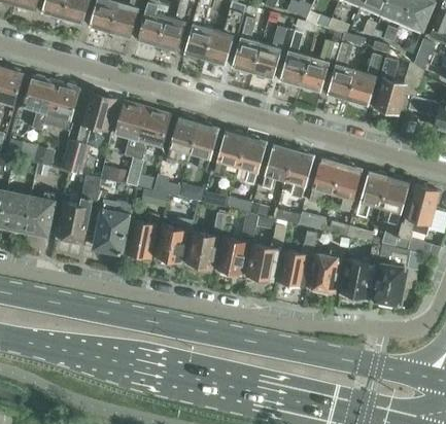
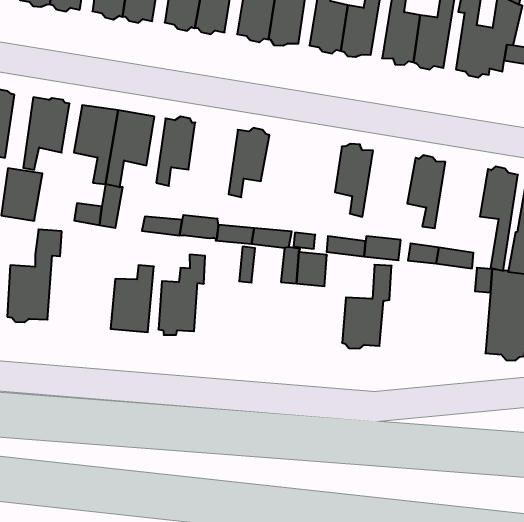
building: [190,121,218,171] -> none
building: [237,136,266,185] -> none
building: [262,144,294,189] -> none
building: [310,157,342,203] -> none
building: [357,172,389,216] -> none
building: [95,201,128,253] -> none
building: [247,224,287,281] -> none
building: [186,231,217,268] -> none
building: [217,239,247,275] -> none
building: [309,249,342,292] -> none
building: [341,258,375,299] -> none

